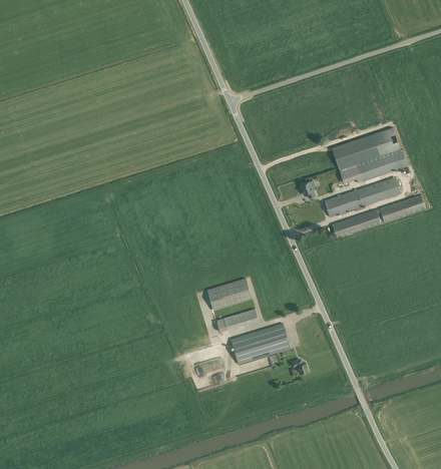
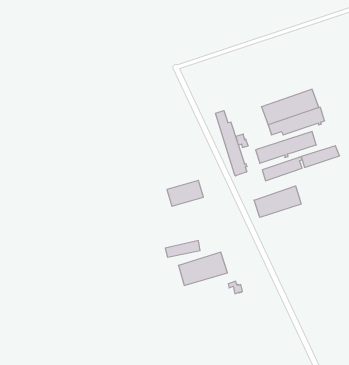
building: none -> [215,111,247,176]
building: none -> [254,186,301,217]
building: [206,278,251,309] -> [167,180,203,206]

